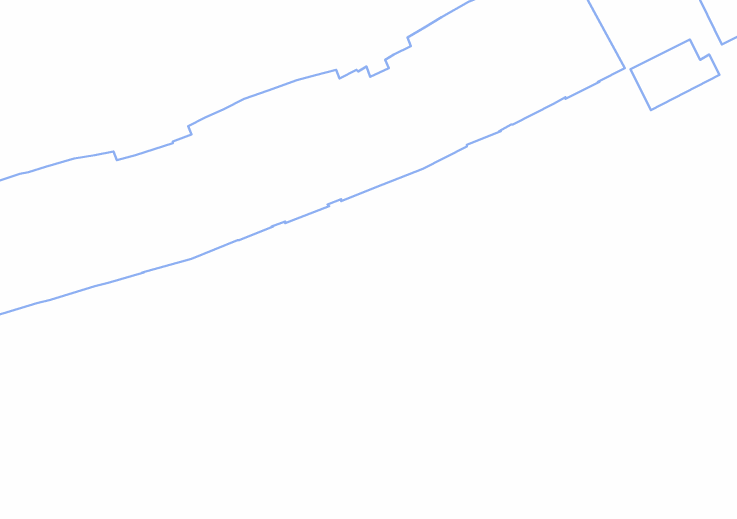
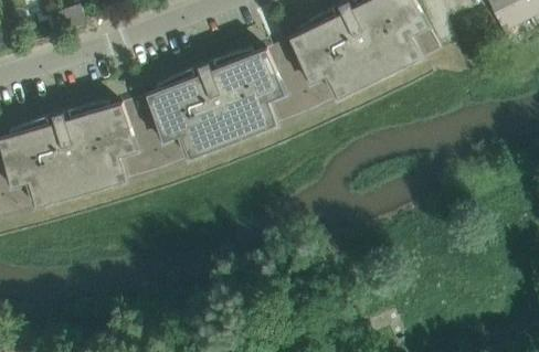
building: [630,39,719,110] -> none

